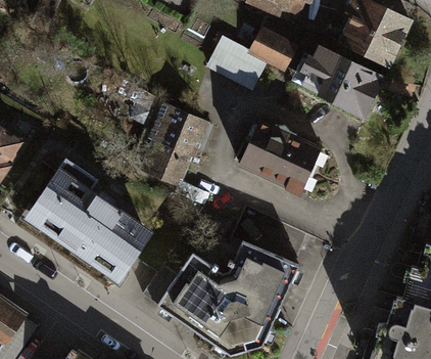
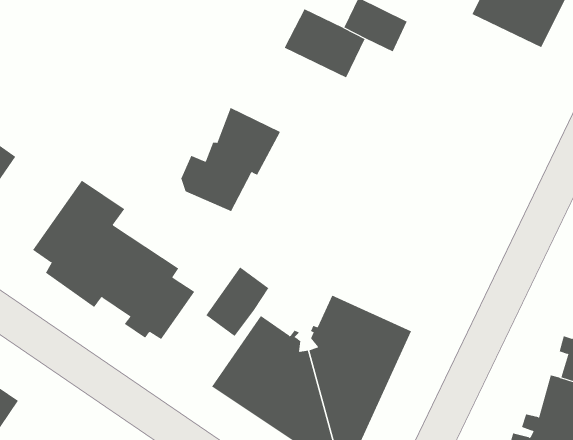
building: [300,47,383,118] -> none
building: [238,120,321,192] -> none
building: none -> [205,266,269,337]

